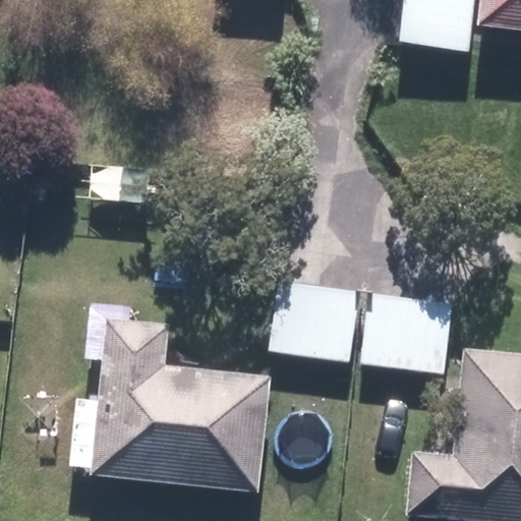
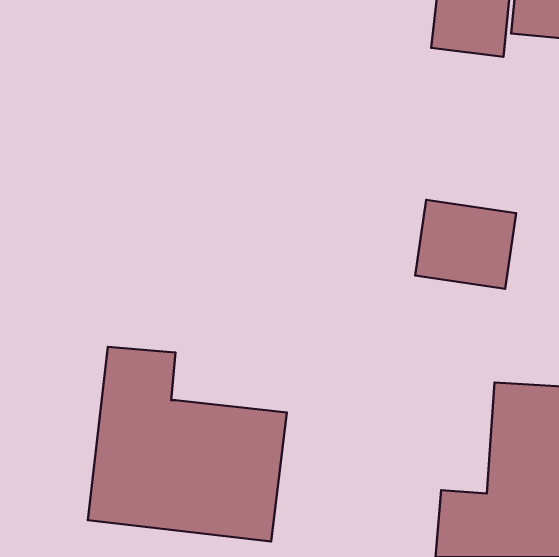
building: [271,278,360,359] -> none
building: [360,290,453,371] -> [415,200,516,289]

